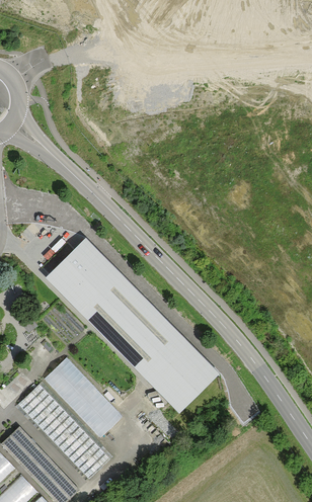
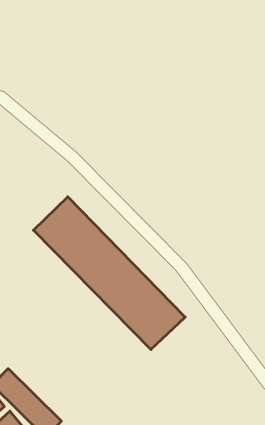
building: [46,358,124,440] -> none
building: [14,386,109,479] -> none

